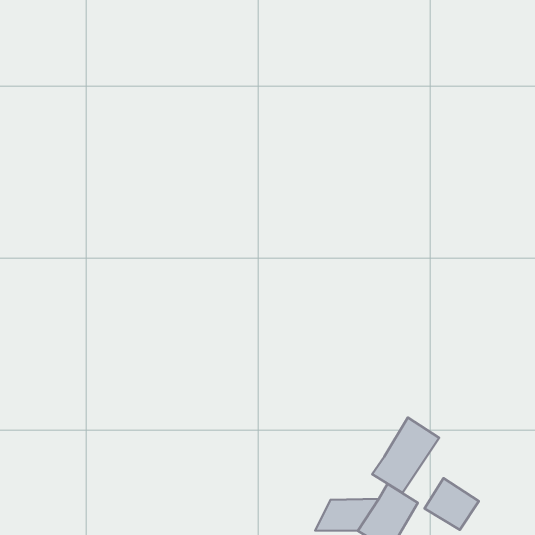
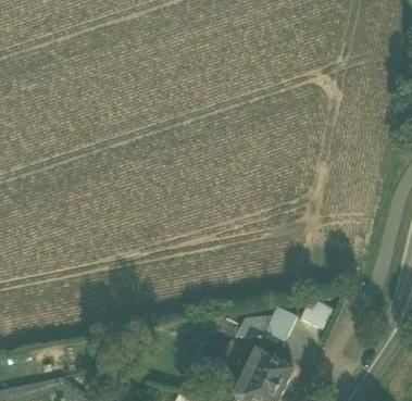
building: [372,417,439,493] -> none

